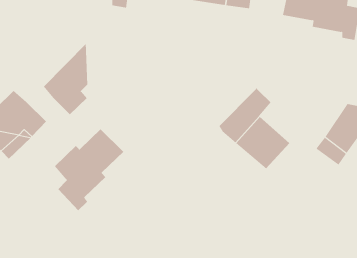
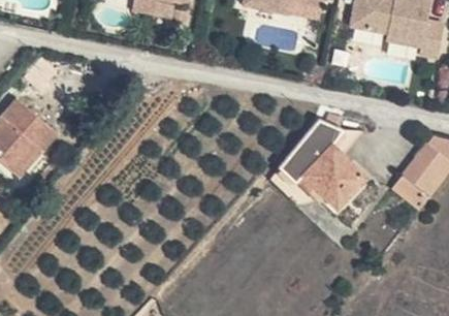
building: [43,43,88,115] -> none
building: [54,128,124,211] -> none

